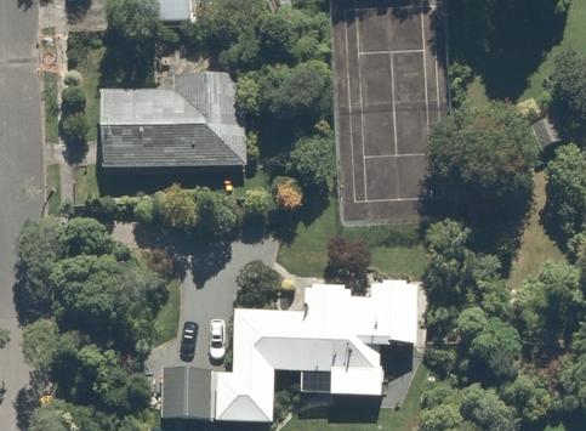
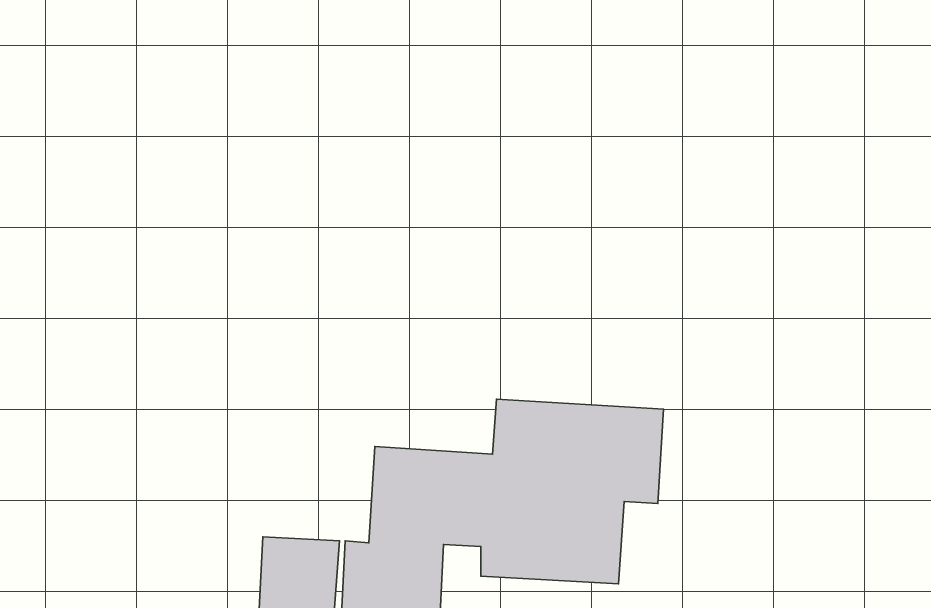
building: [101,70,244,166] -> none

